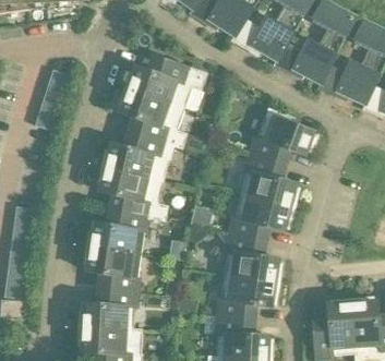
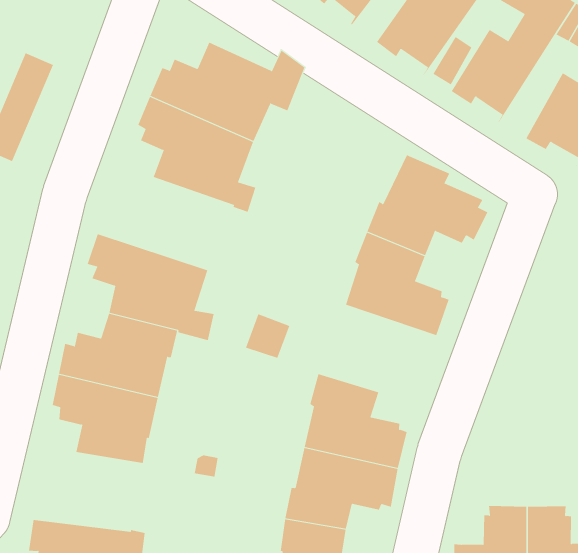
building: [99,132,173,181] -> none
building: [228,194,292,241] -> none
building: [76,288,135,329] -> none

